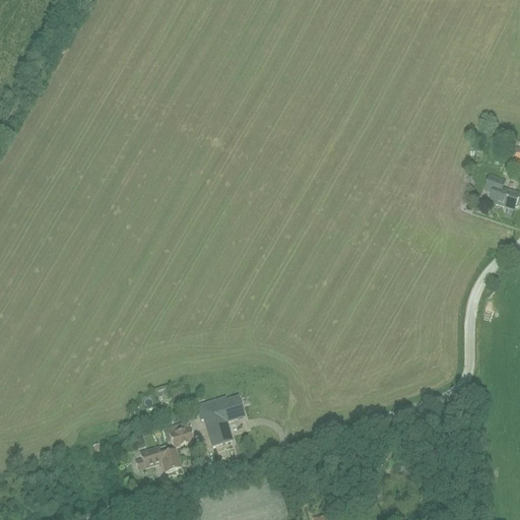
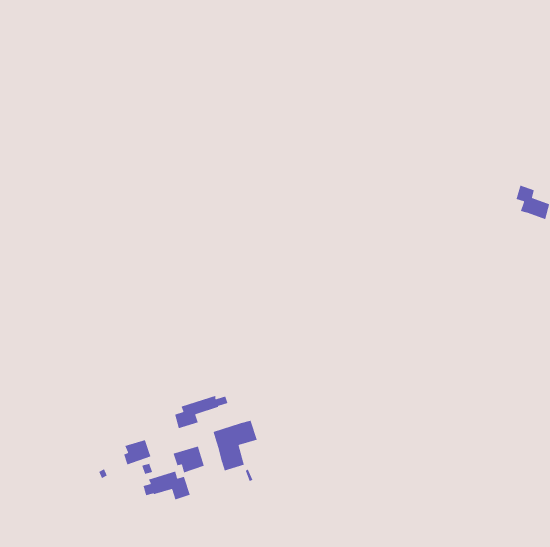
building: none -> [174,395,228,429]
building: none -> [123,439,151,465]

